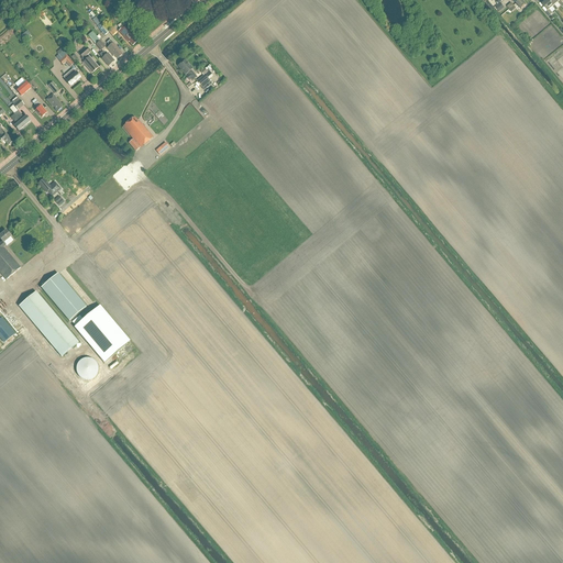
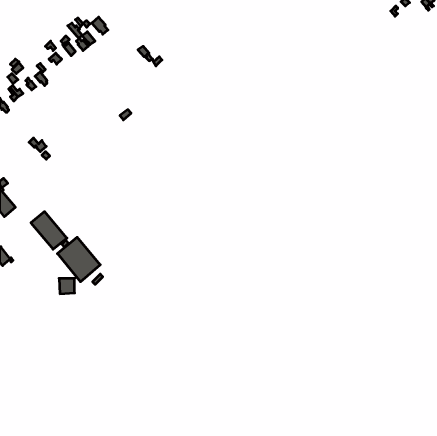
building: [122,115,152,150] -> none
building: [18,290,77,355] -> none

